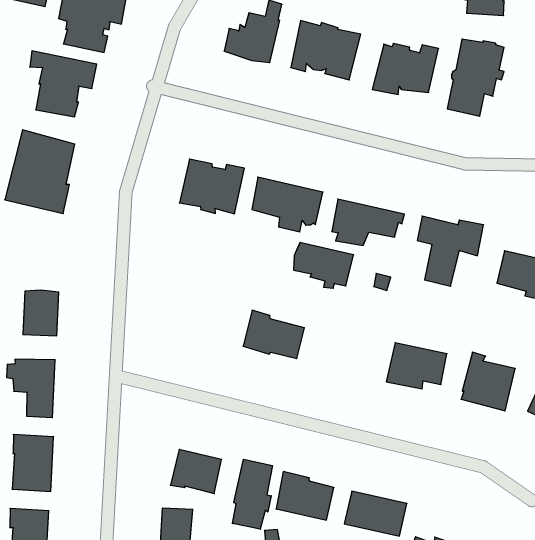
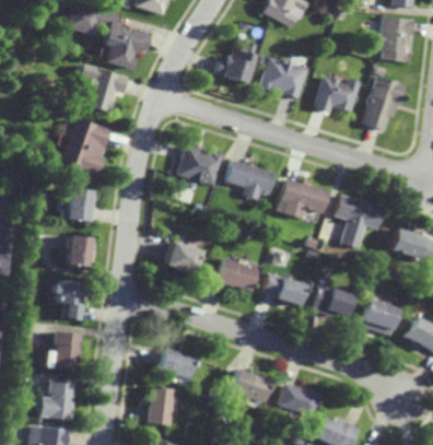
building: none -> [61,192,96,218]
building: [294,242,354,288] -> [265,270,306,303]
building: none -> [166,238,200,269]
building: [232,459,273,529] -> none

